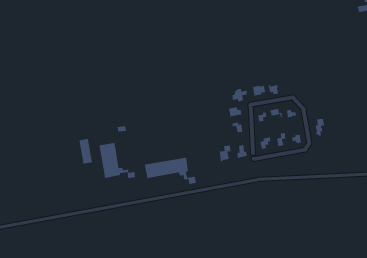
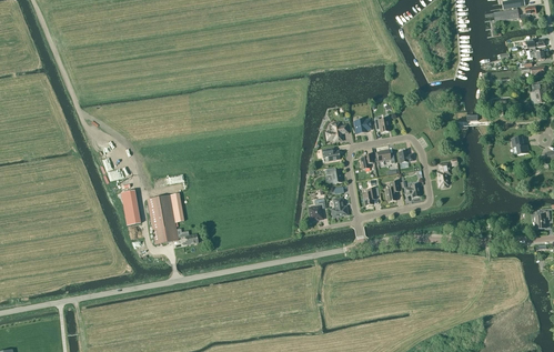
building: [144,157,197,185] -> none

